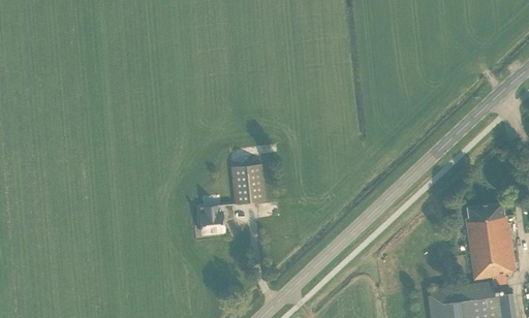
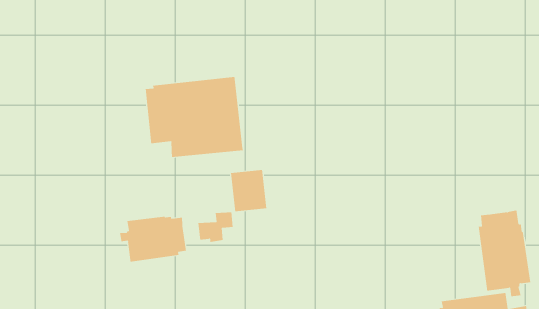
building: none -> [145,76,244,158]
building: none -> [119,216,187,262]

